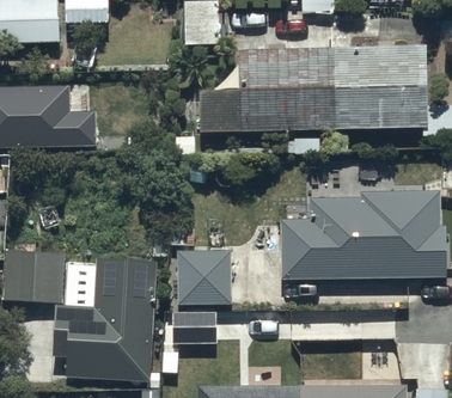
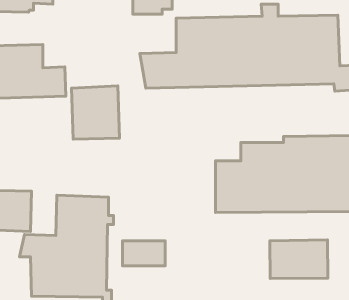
building: none -> [71,86,119,139]
building: [176,251,228,305] -> none
building: none -> [270,240,328,278]

